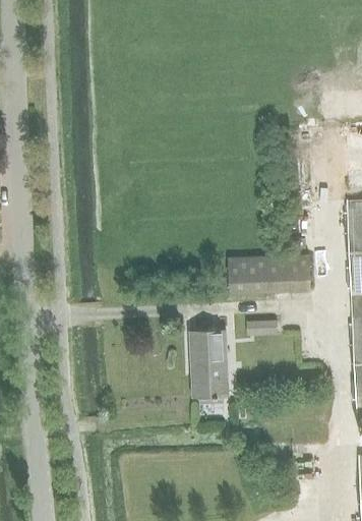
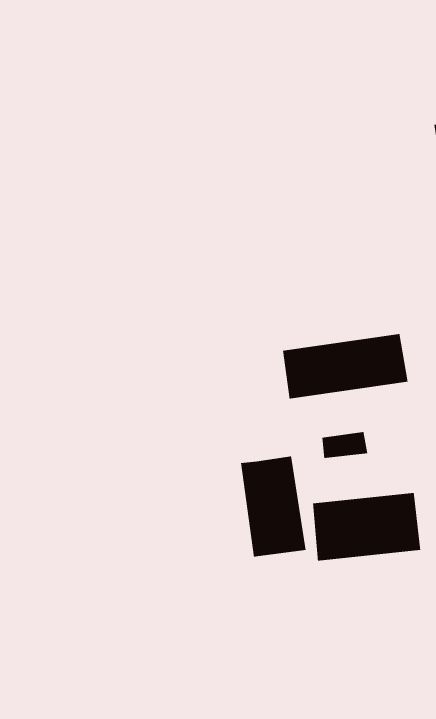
building: none -> [312,492,421,561]

